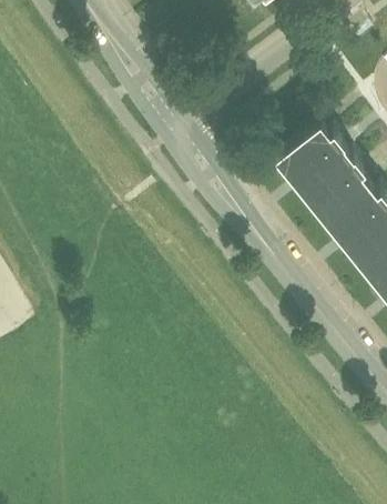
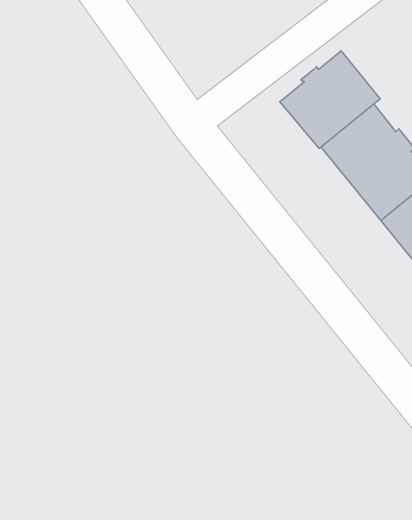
building: none -> [280,51,380,148]

